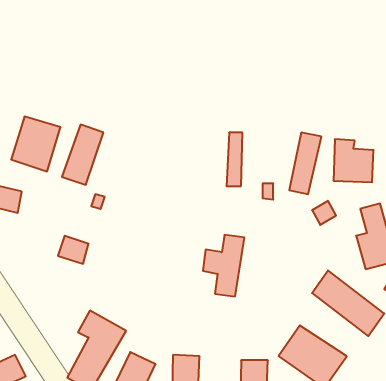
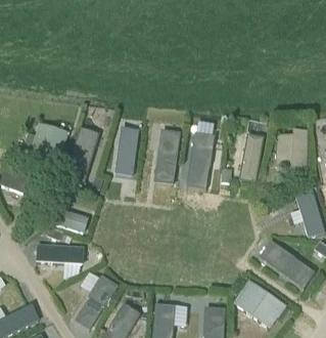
building: none -> [113,126,140,176]
building: [203,235,244,296] -> [149,132,181,179]
building: none -> [36,244,83,262]

